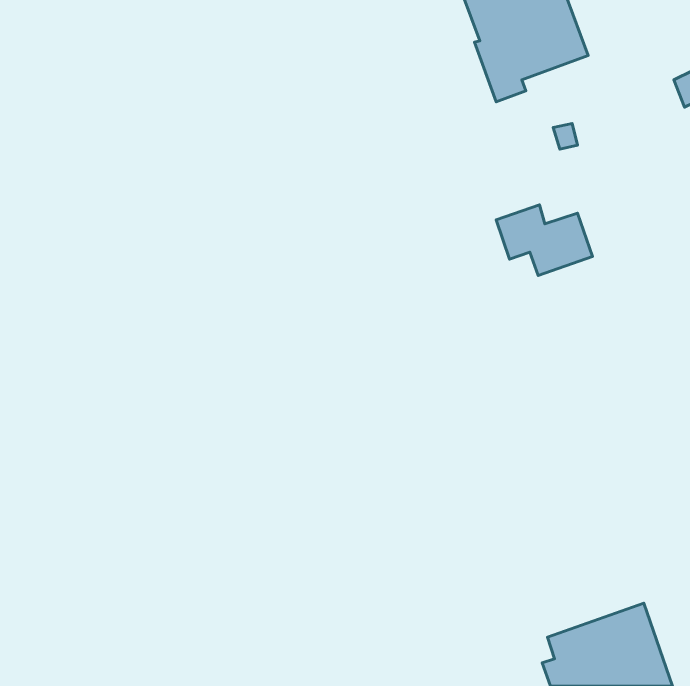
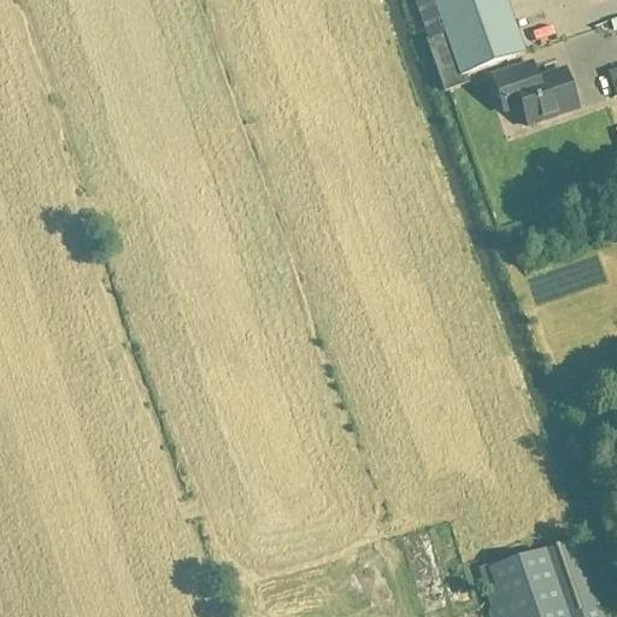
building: [496,205,592,275] -> [493,60,578,123]

